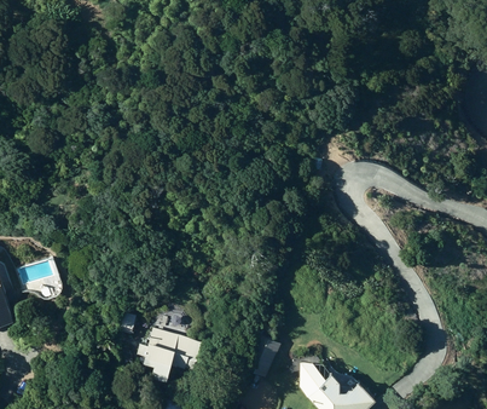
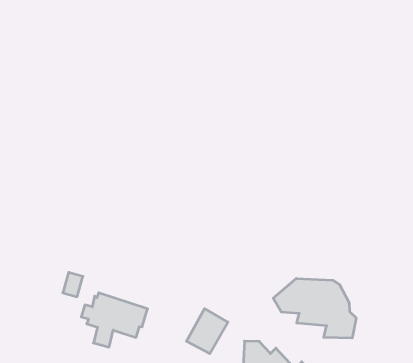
building: none -> [273,278,356,338]

